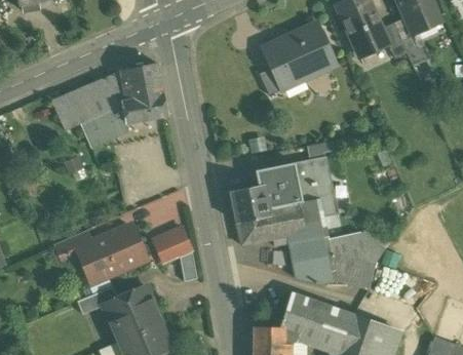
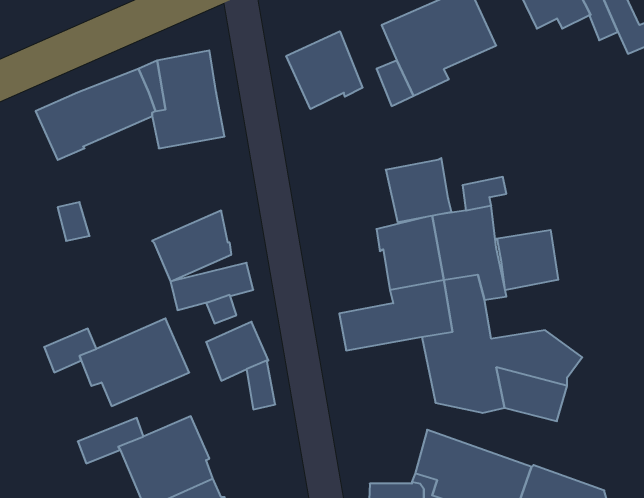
building: none -> [286,31,363,109]
building: [80,103,128,146] -> [152,211,231,281]
building: none -> [496,230,558,290]
building: [229,184,269,223] -> [386,158,452,222]

